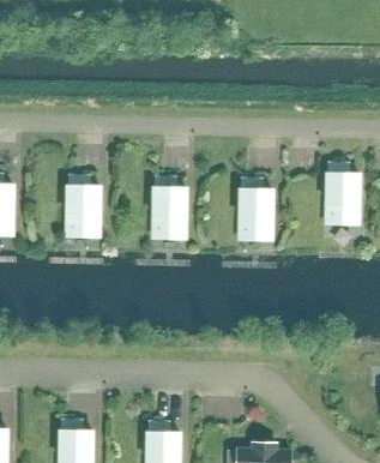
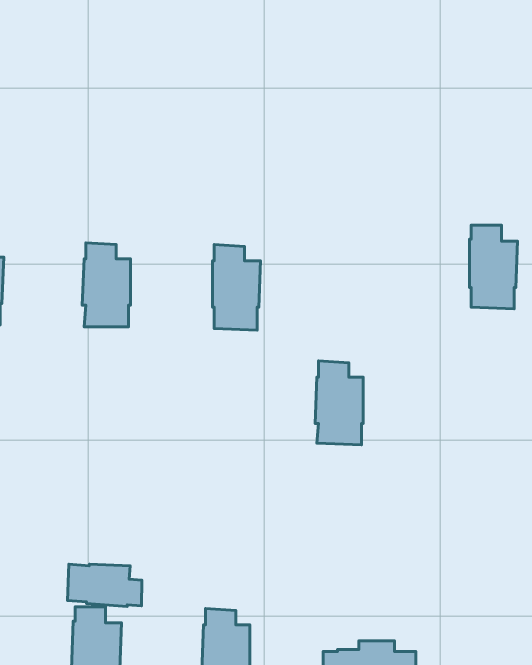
building: [239,181,271,237] -> [315,361,363,445]
building: none -> [68,564,142,606]

